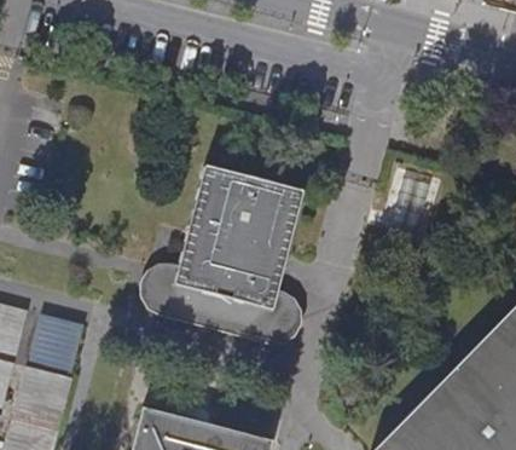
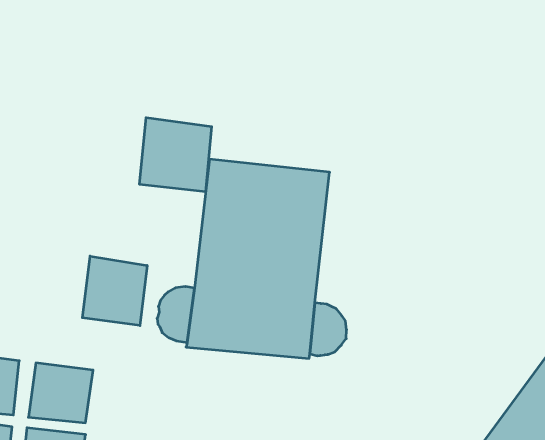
building: none -> [140,118,212,192]
building: none -> [82,256,147,326]

